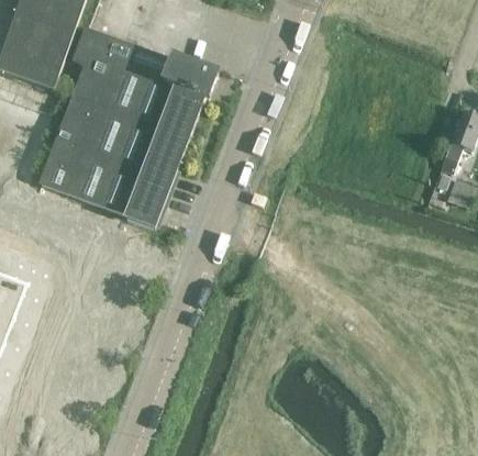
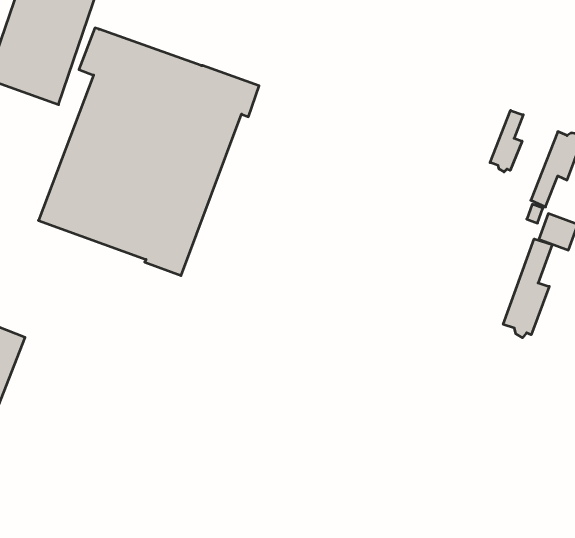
building: none -> [490,110,523,172]
building: none -> [503,239,552,338]

